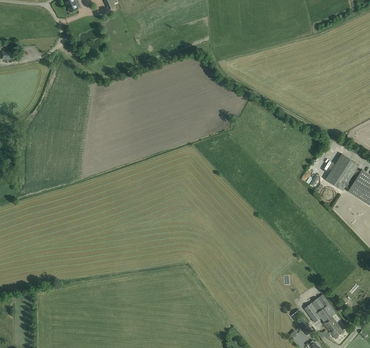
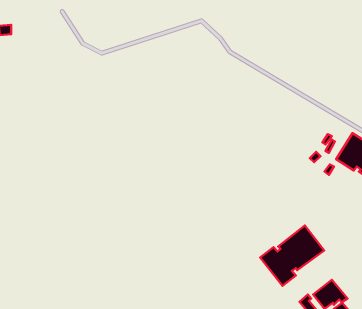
building: none -> [260,225,324,286]

